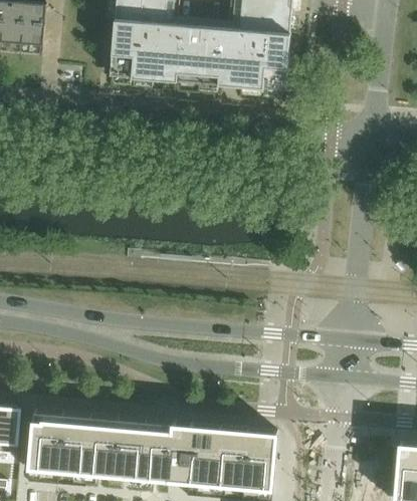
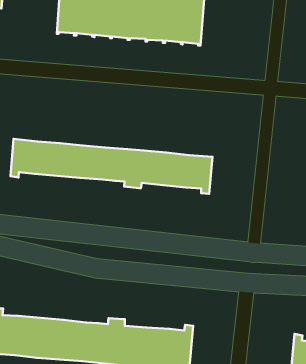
building: none -> [10,139,212,194]

